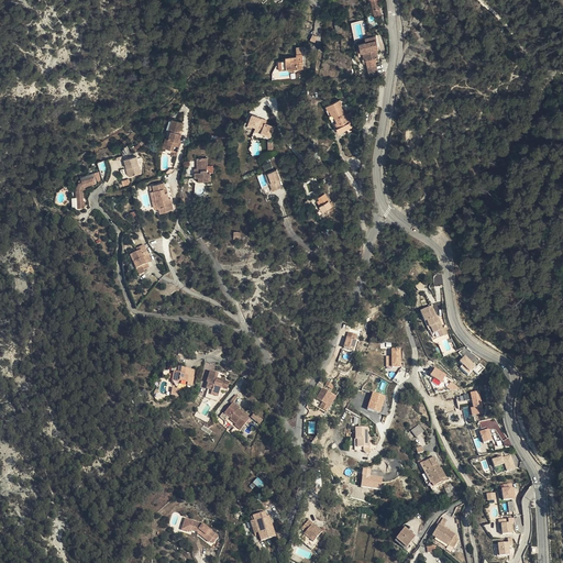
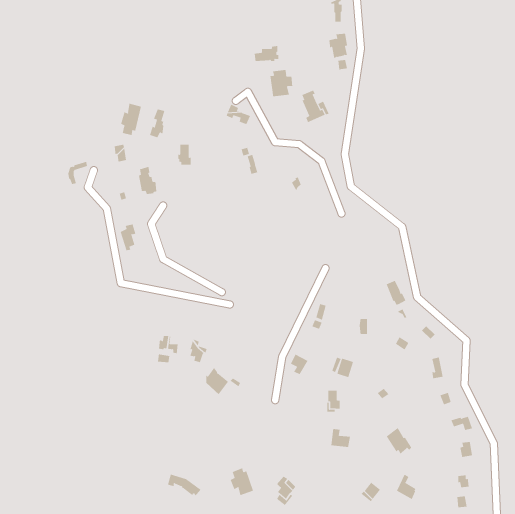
building: none -> [270,69,293,97]
building: none -> [120,103,142,136]

